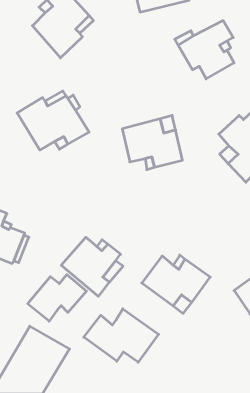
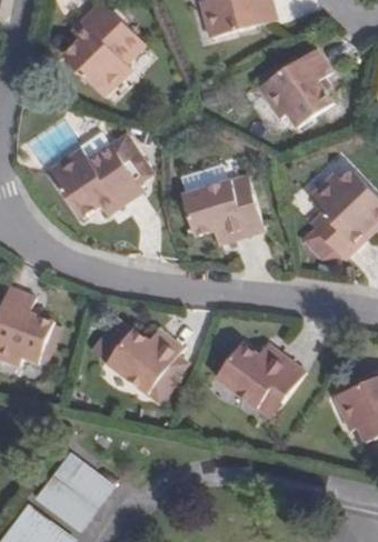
building: [28,275,86,321] -> none
building: [84,309,159,362] -> none

